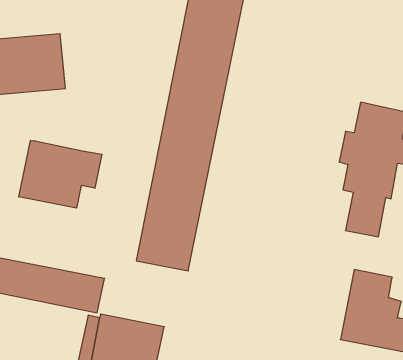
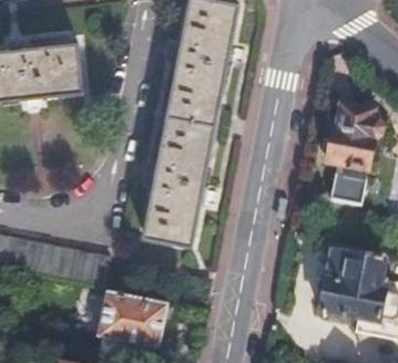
building: [19,140,102,208] -> none

